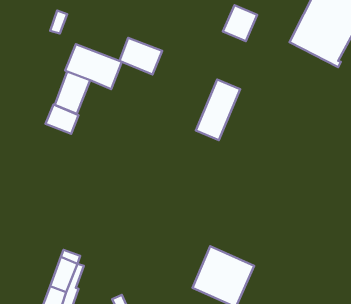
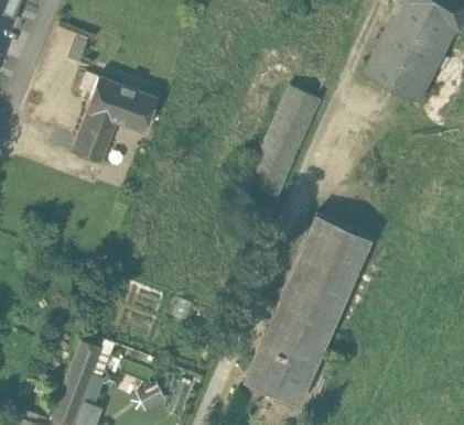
building: [223,5,257,41] -> [274,87,317,132]
building: [120,38,162,75] -> none
building: [46,104,79,134] -> none
building: none -> [266,215,370,352]

